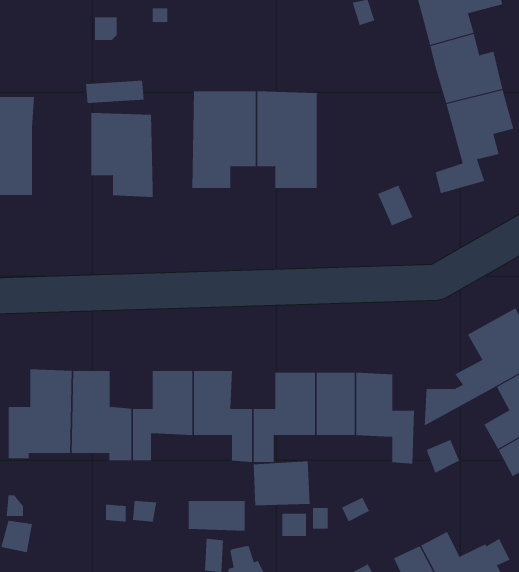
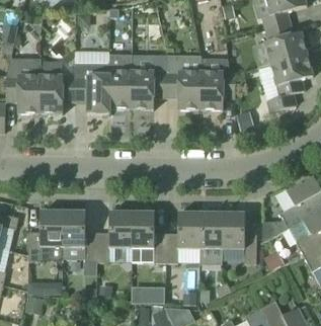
building: none -> [108,55,132,109]
building: none -> [202,58,235,110]
building: none -> [42,75,74,113]

